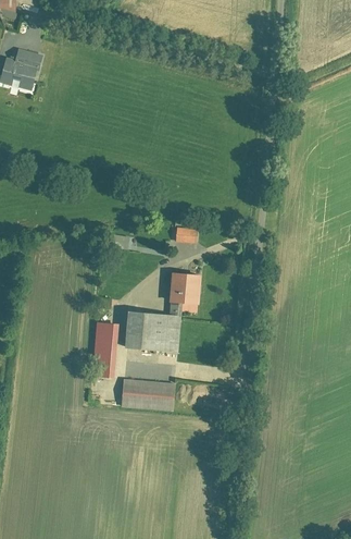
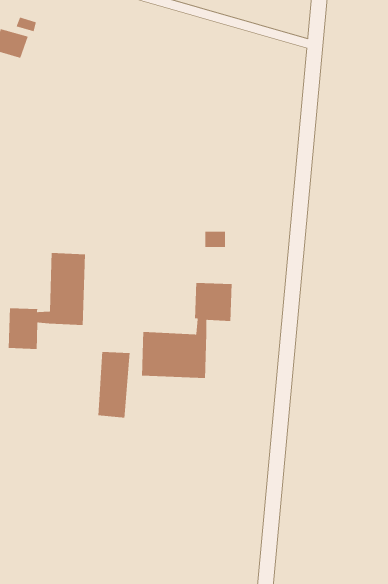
building: none -> [8,252,86,350]
building: [122,379,177,411] -> none

